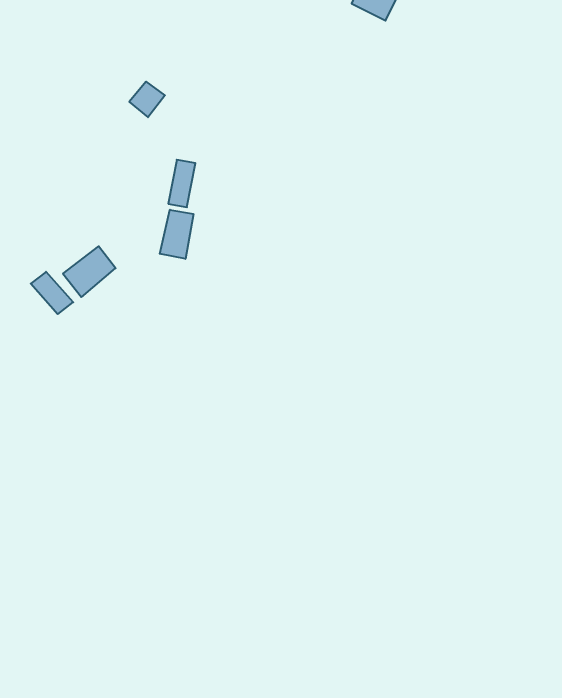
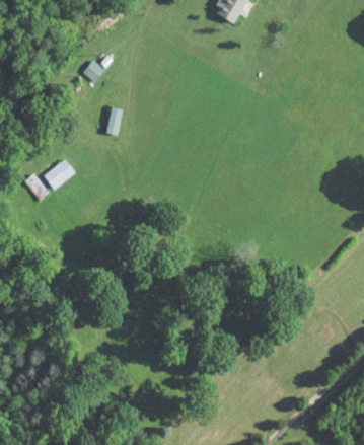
building: [160,210,193,259] -> none

